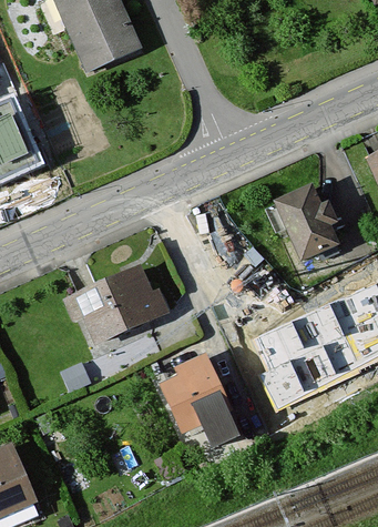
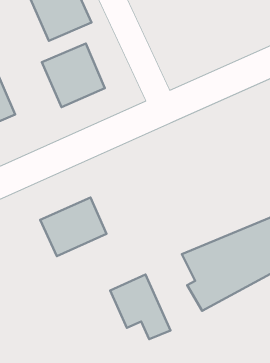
building: none -> [42,44,105,107]
building: [277,185,335,255] -> none

